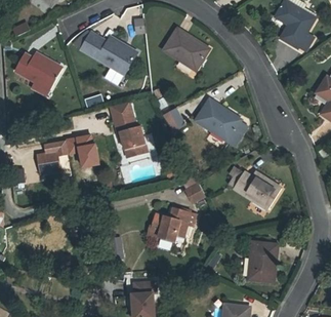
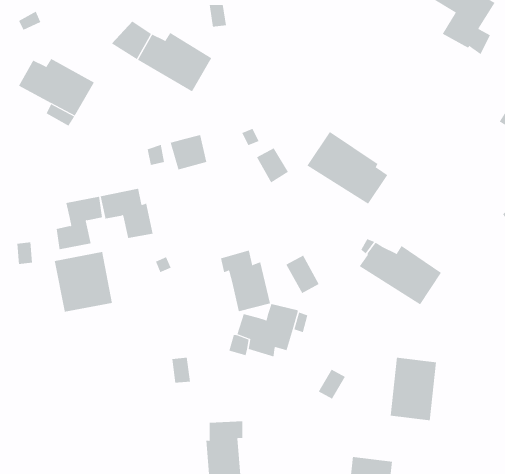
building: [163,28,208,69] -> none
building: [114,118,146,157] -> [220,250,271,312]
building: none -> [54,251,113,313]

